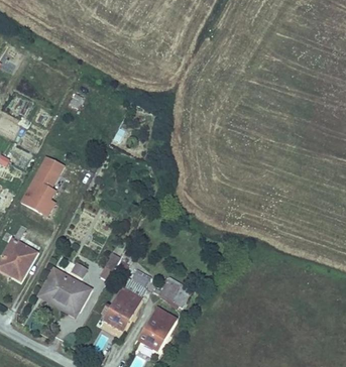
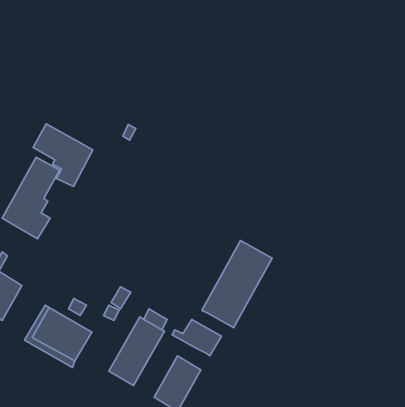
building: none -> [33,124,93,186]
building: none -> [202,241,272,328]

